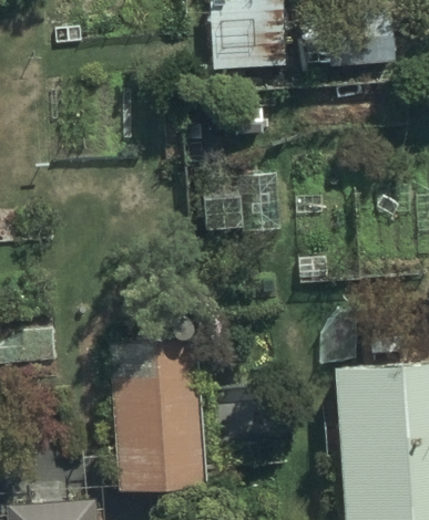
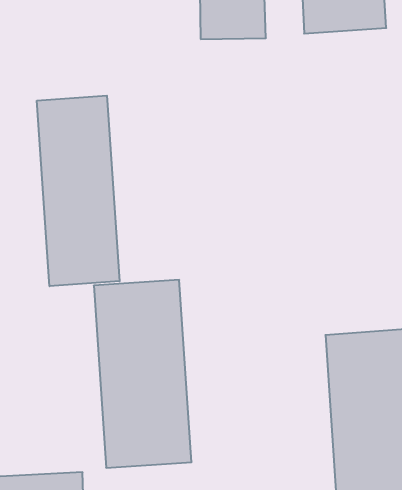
building: none -> [37,96,120,286]

